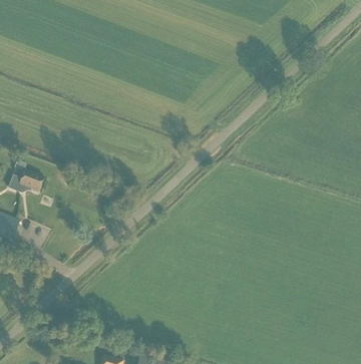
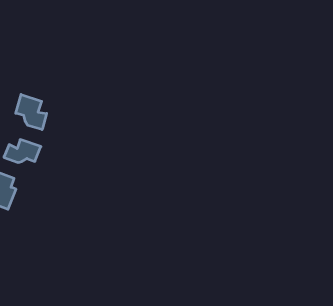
building: none -> [16,94,47,130]

